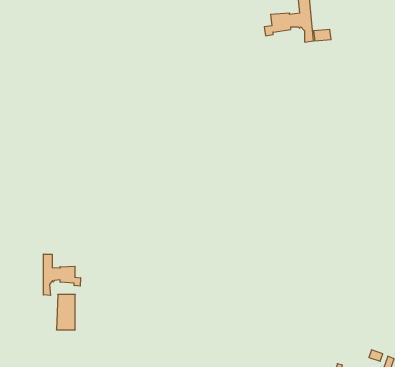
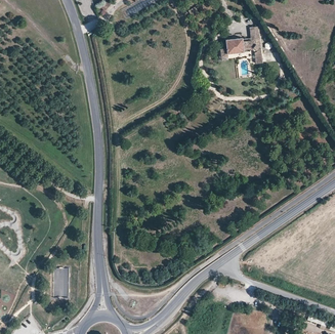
building: [43,254,81,295] -> none

